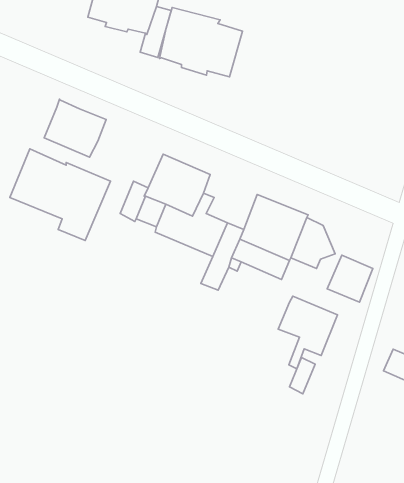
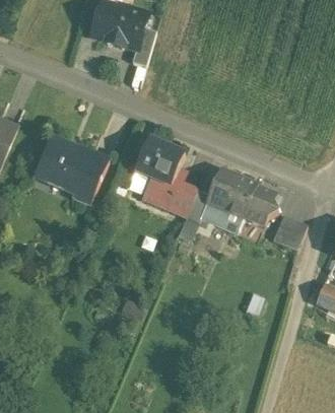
building: [159,7,243,77] -> none
building: [44,99,106,157] -> none
building: [278,296,337,369] -> none

